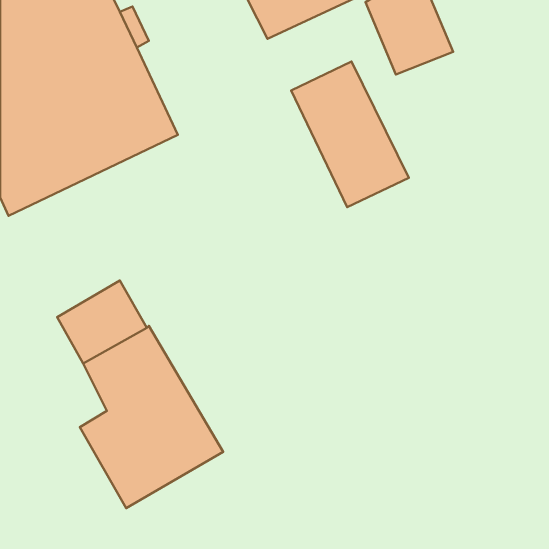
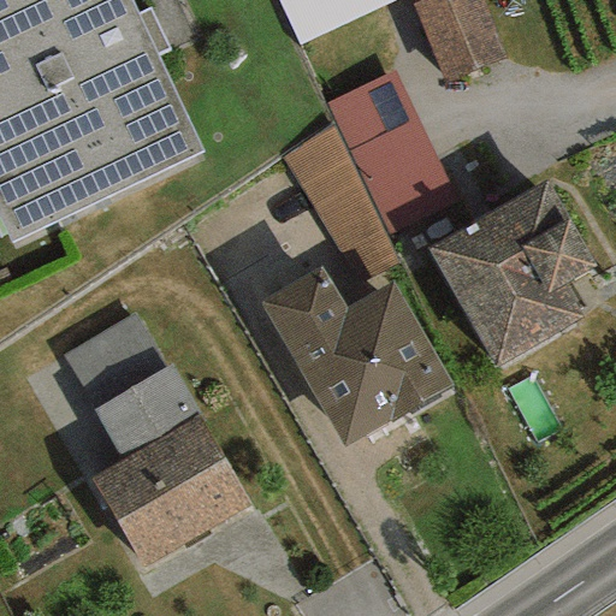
building: none -> [284,125,398,282]
building: none -> [428,178,599,367]
building: none -> [259,262,454,446]

